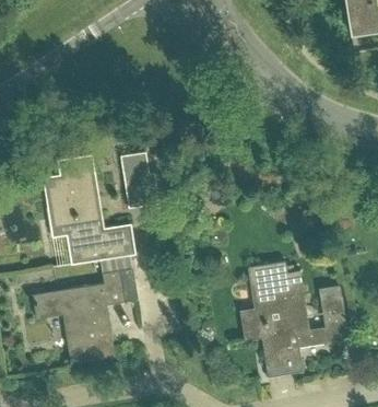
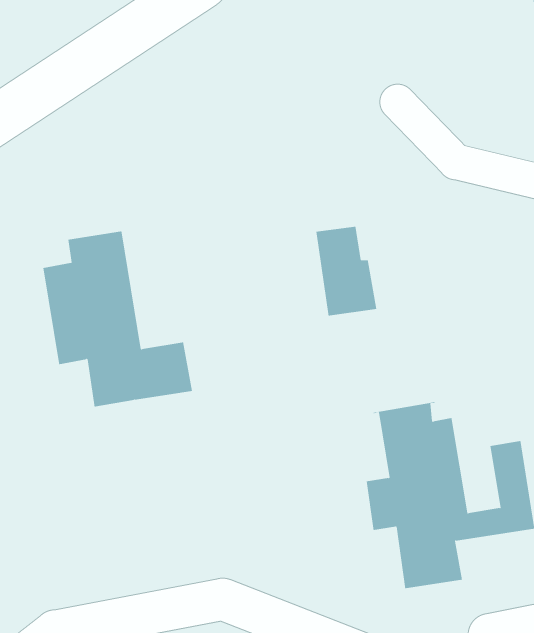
building: [120,153,158,209] -> [316,226,377,316]
building: [33,256,138,364] -> none

